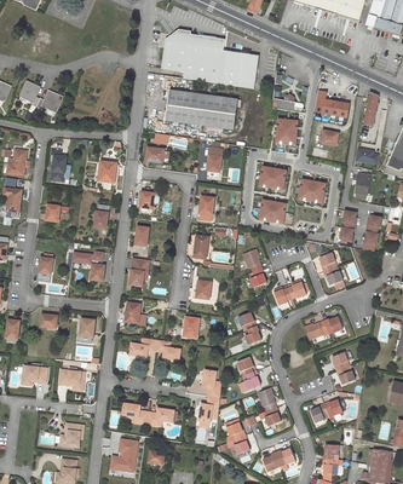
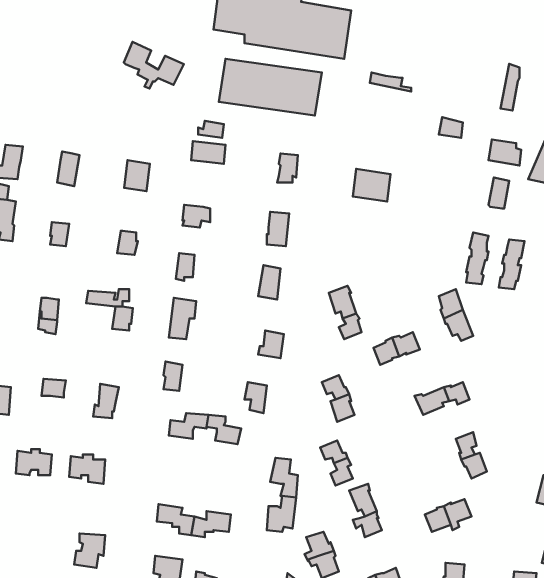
building: [19,80,62,113] -> [124,42,184,88]
building: [313,90,349,117] -> none
building: [272,116,299,145] -> none
building: [298,178,326,201] -> none
building: [259,198,286,223] -> none

